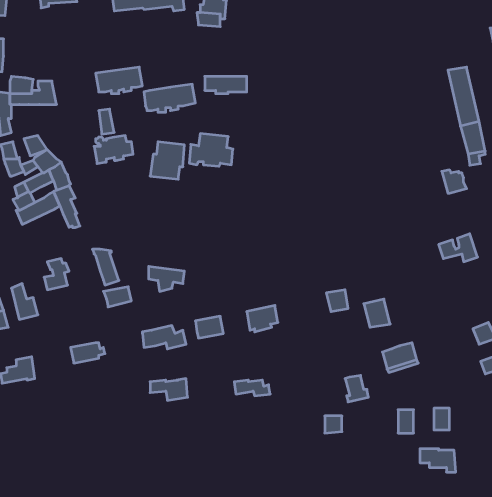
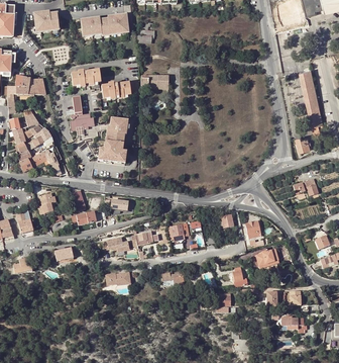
building: [189,134,233,166] -> [99,141,127,162]

